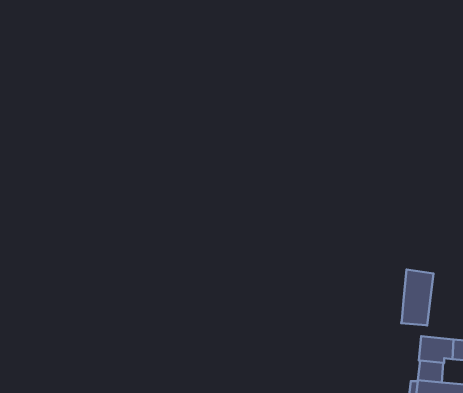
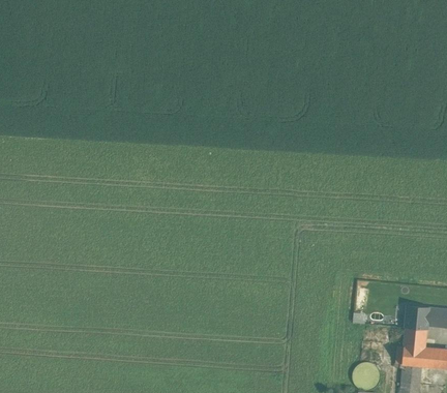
building: [401,269,434,326] -> none

